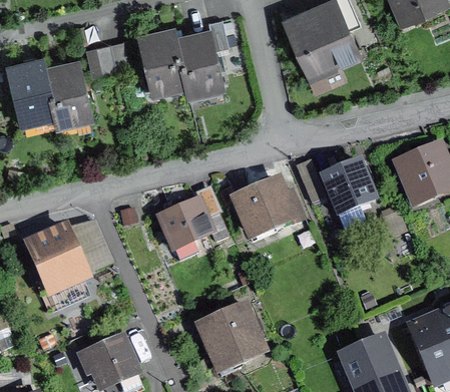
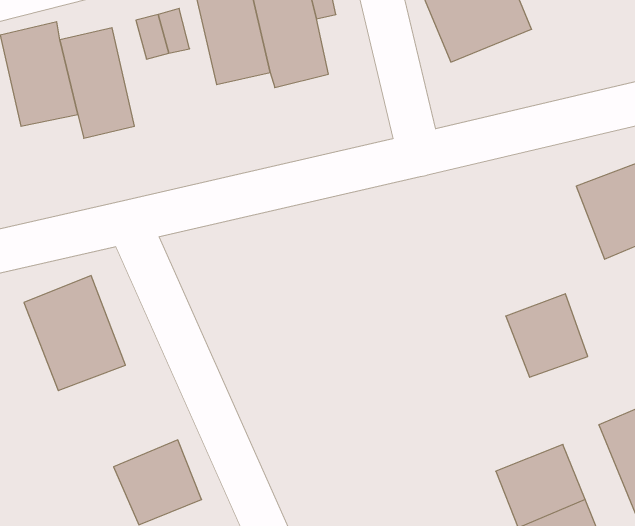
building: [318,159,373,216] -> [506,294,588,377]
building: [230,175,300,240] -> none
building: [156,198,214,253] -> none
building: [192,305,266,377] -> none

